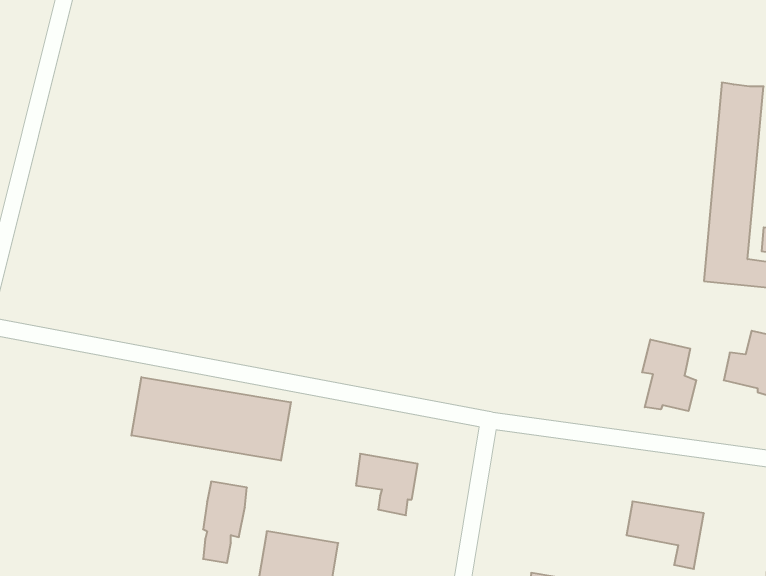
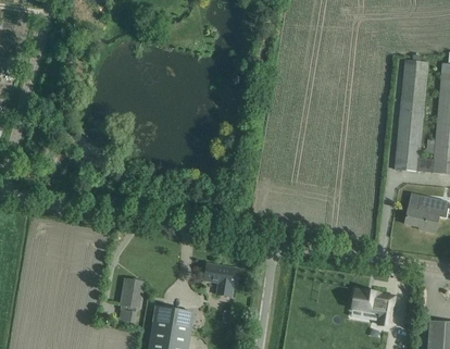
building: [642,339,696,411] -> none
building: [131,377,291,461] -> none

